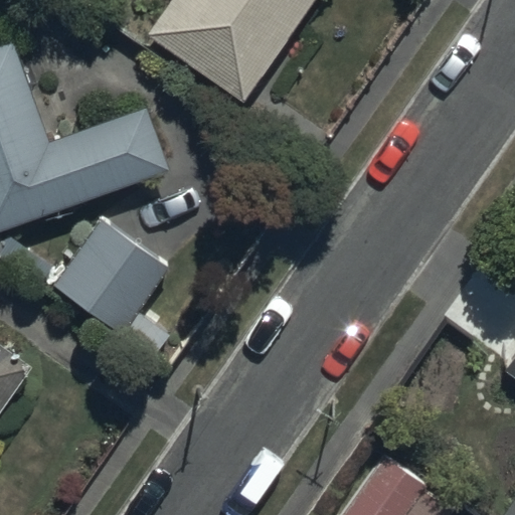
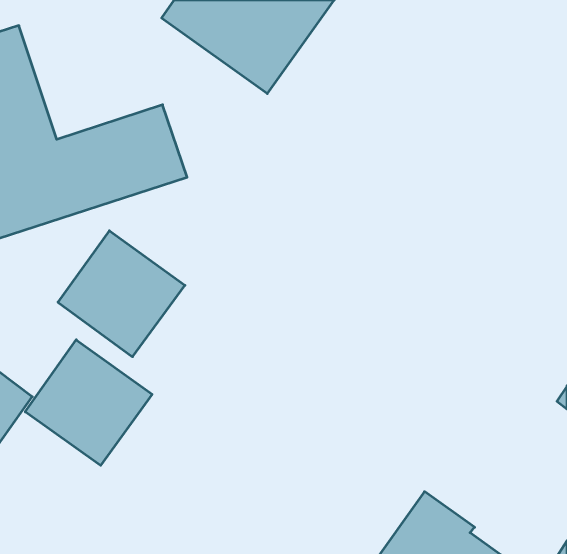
building: none -> [25,340,152,465]

